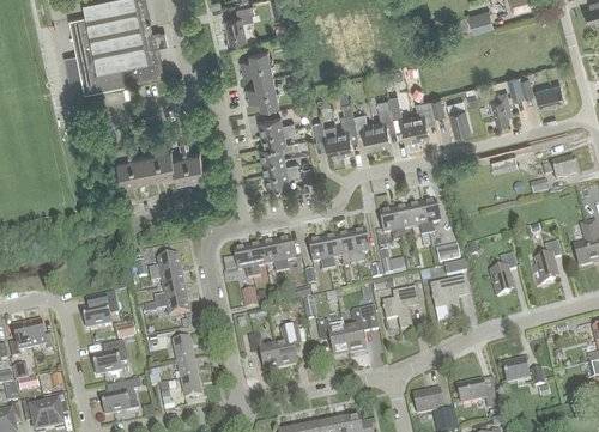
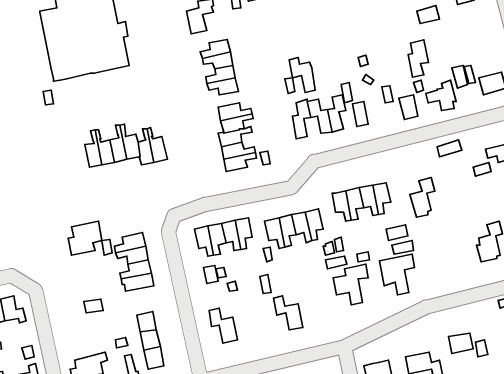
building: [413,98,435,138] -> [408,40,428,77]
building: [314,118,341,156] -> [289,58,315,93]
building: [490,252,516,294] -> [410,177,435,217]
building: [83,291,119,327] -> [68,221,102,255]
building: [344,309,380,353] -> none
building: [274,325,300,366] -> none
building: [92,342,127,376] -> none

